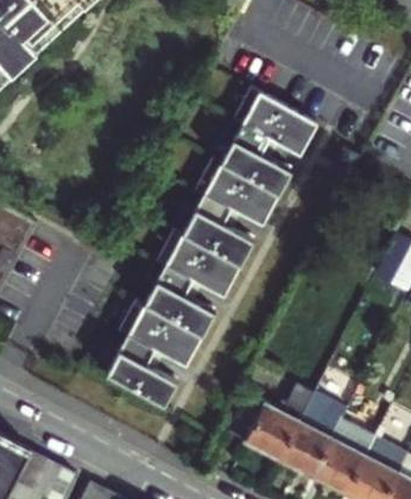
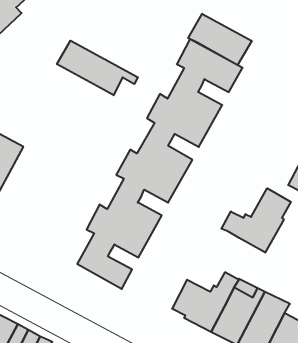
building: none -> [188,14,252,65]
building: none -> [57,41,138,95]
building: none -> [221,188,291,253]

